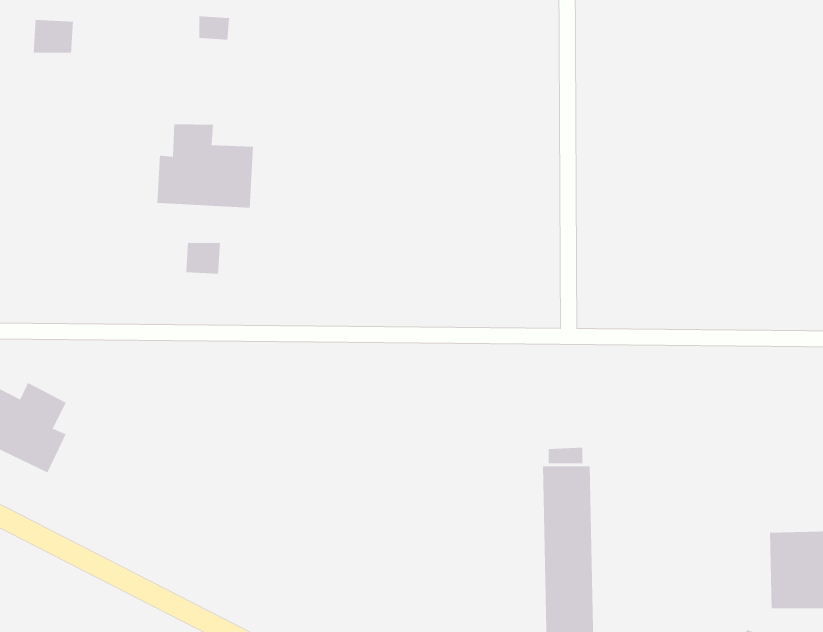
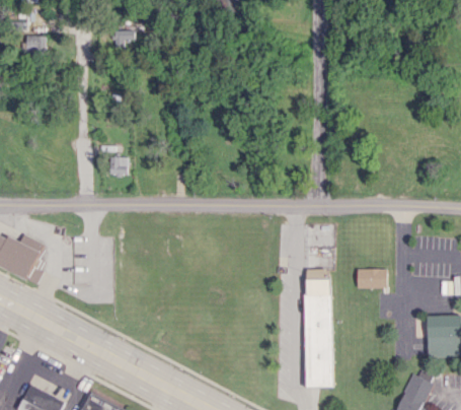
building: [157,124,253,209] -> none
building: none -> [356,269,386,288]

